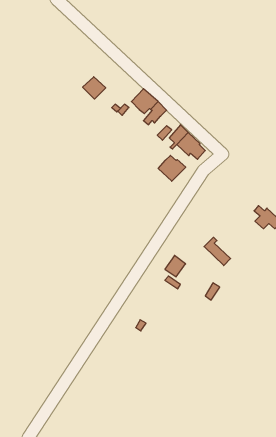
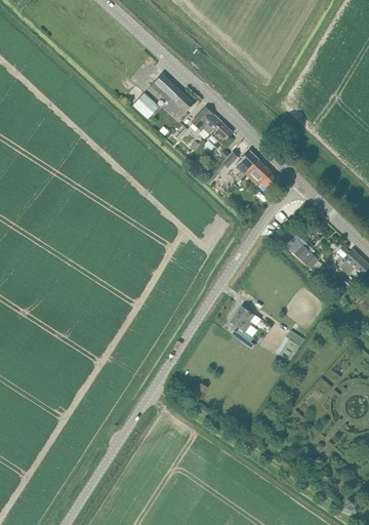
building: none -> [151,73,195,116]
building: [158,155,186,181] -> none
building: [204,237,231,266] -> [286,234,318,268]

